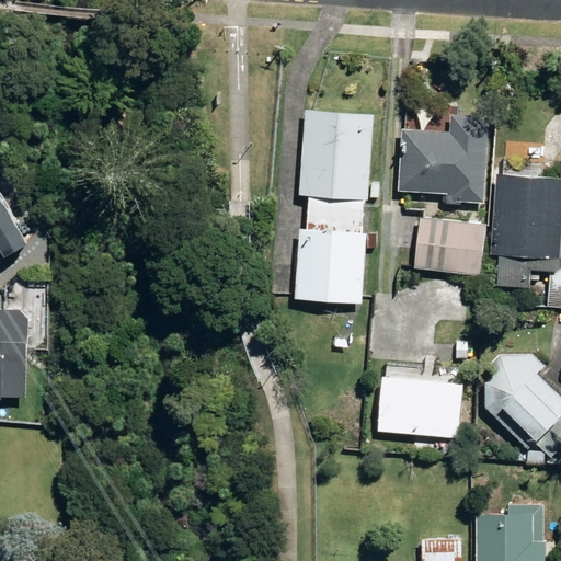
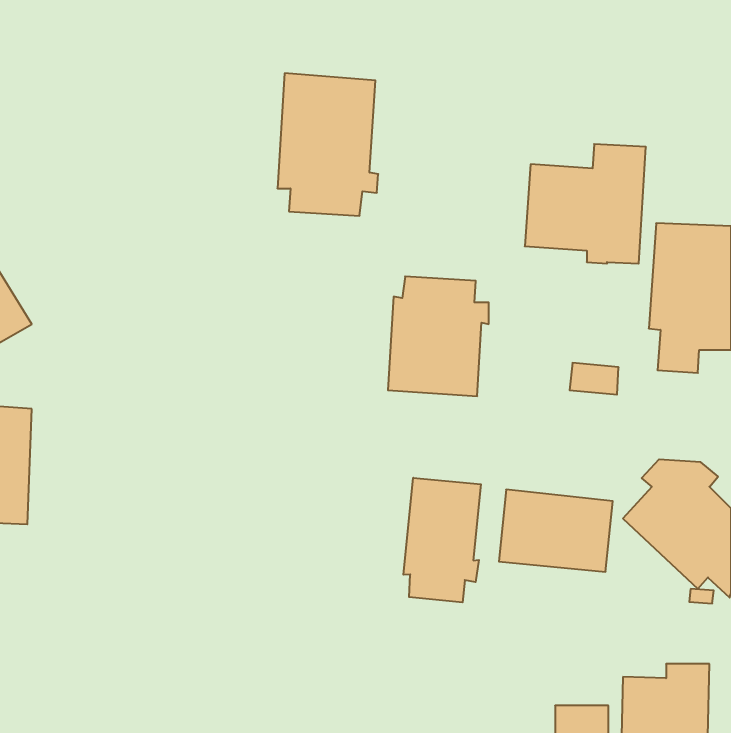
building: [299,107,376,216] -> [277,73,378,216]
building: [415,217,485,275] -> none
building: none -> [403,478,481,602]

